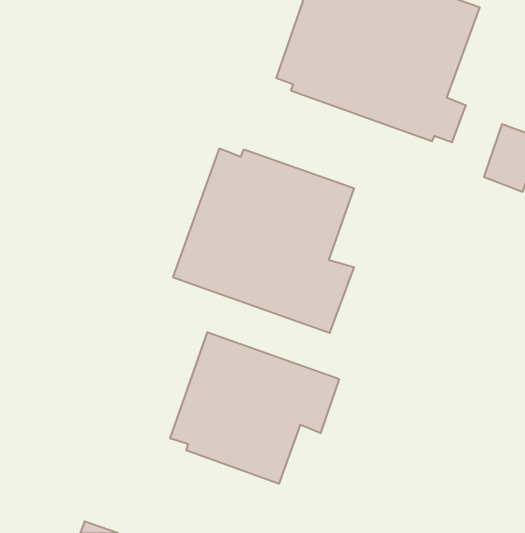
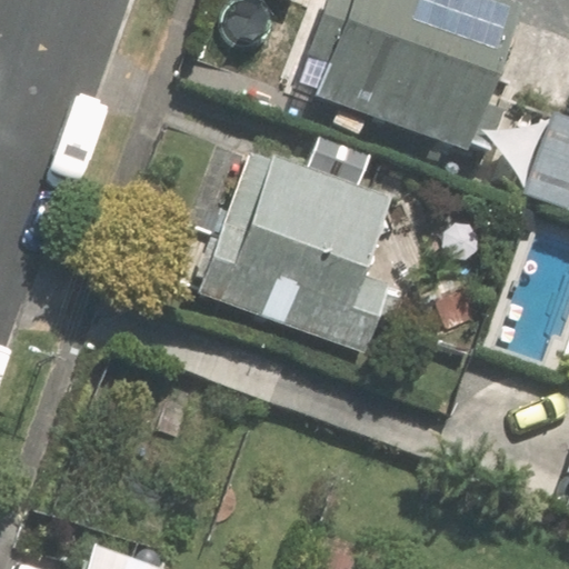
building: [170,332,339,484] -> none

